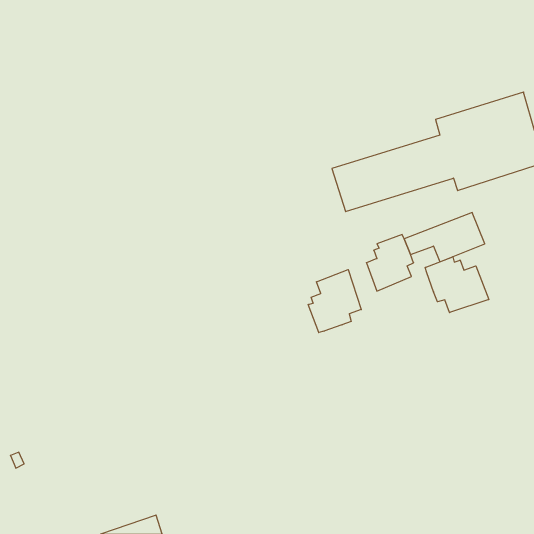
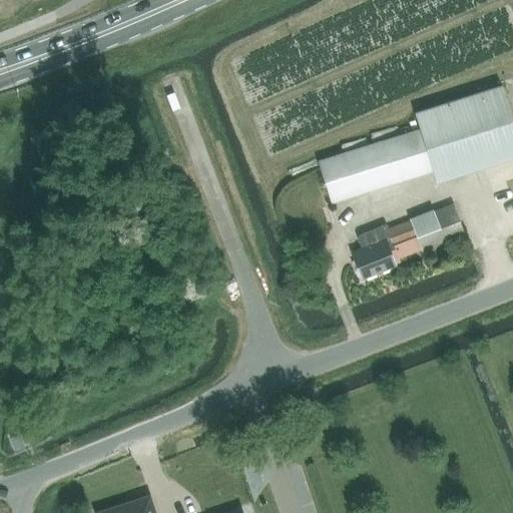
building: [425,257,489,313] -> none
building: [308,270,361,333] -> none

